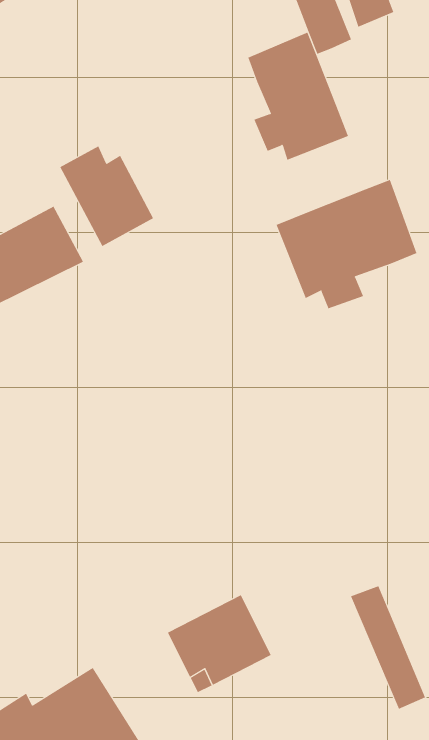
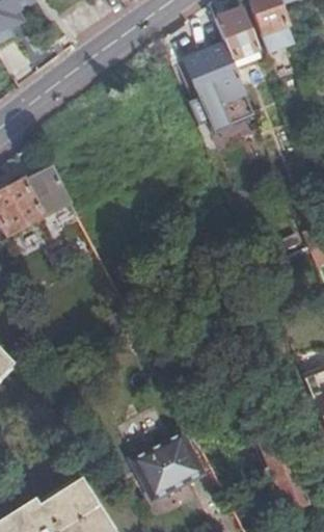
building: [60,146,154,247] -> none
building: [276,179,417,309] -> none

